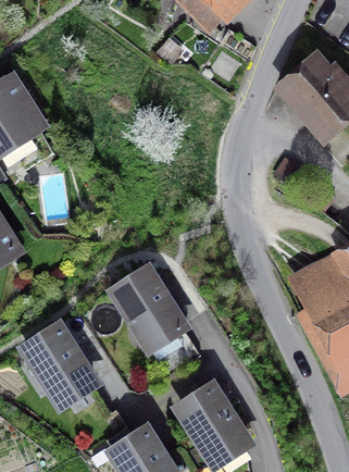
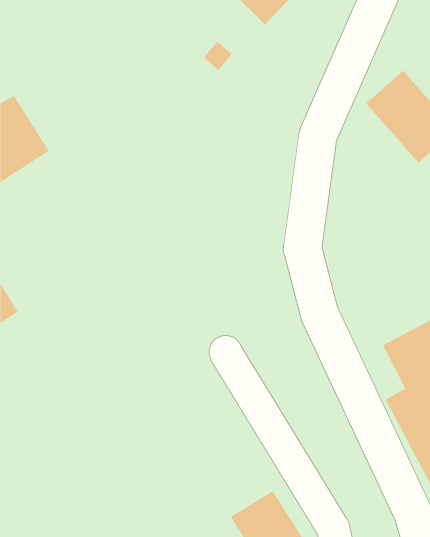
building: [116,272,183,346] -> none
building: [27,328,94,402] -> none

